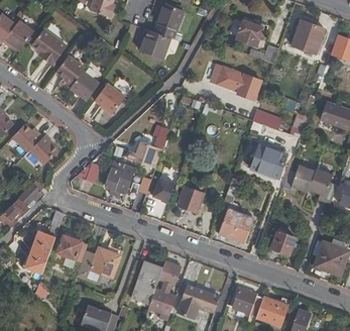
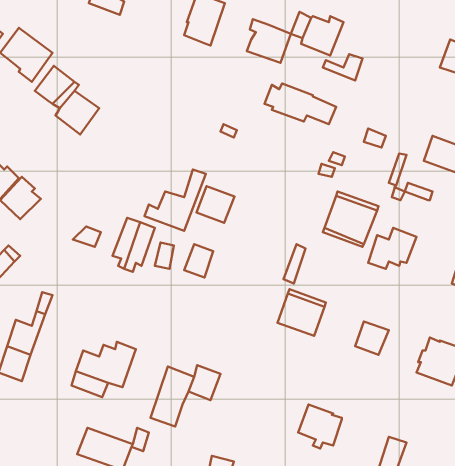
building: [293,21,326,54] -> none
building: [140,28,170,59] -> [247,19,291,63]
building: [92,82,123,114] -> none
building: [309,169,338,205] -> none
building: [180,186,206,211] -> [196,186,234,223]
building: [56,233,82,257] -> none
building: [146,282,174,321] -> none
building: [179,285,221,319] -> none
building: [257,297,288,326] -> none

